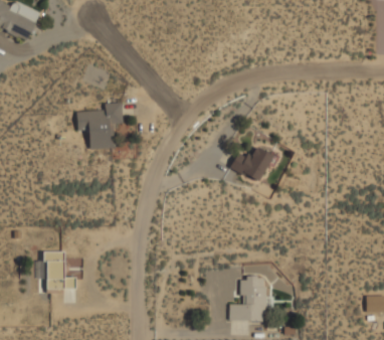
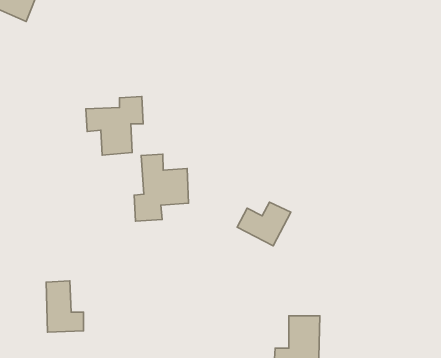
building: [230,147,273,182] -> [237,202,291,246]
building: none -> [134,154,188,221]

